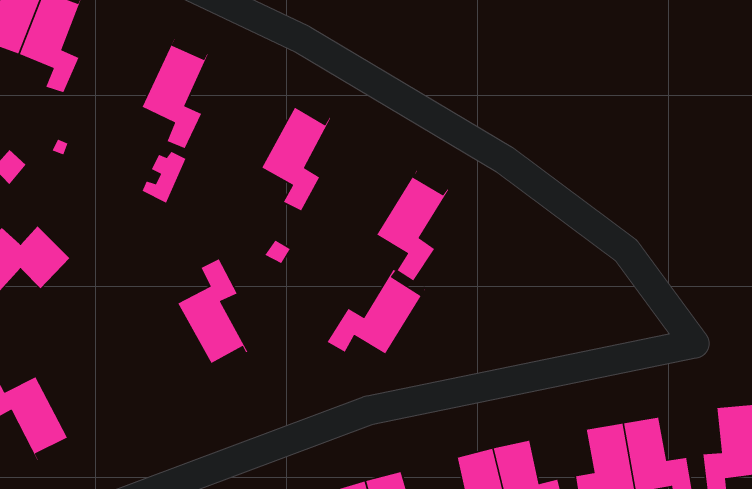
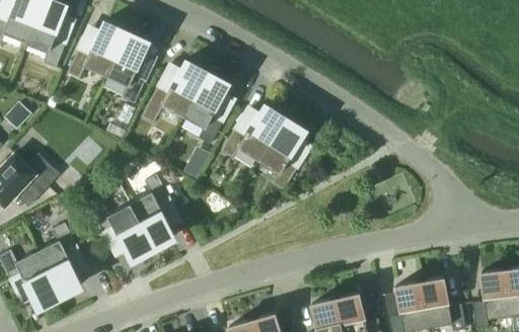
building: none -> [67,21,128,79]
building: none -> [142,60,209,124]
building: [326,269,426,354] -> [221,104,286,160]
building: none -> [91,203,154,260]
building: none -> [38,224,83,297]

